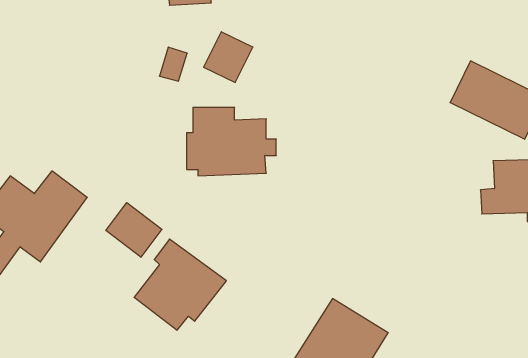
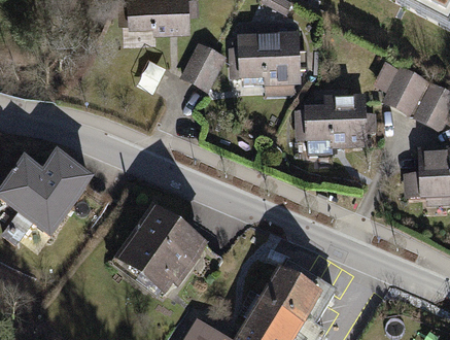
building: none -> [298,98,365,145]
building: [187,107,276,176] -> [232,27,305,82]
building: [106,203,162,257] -> none

